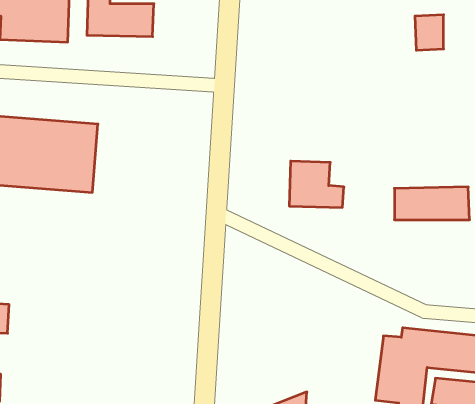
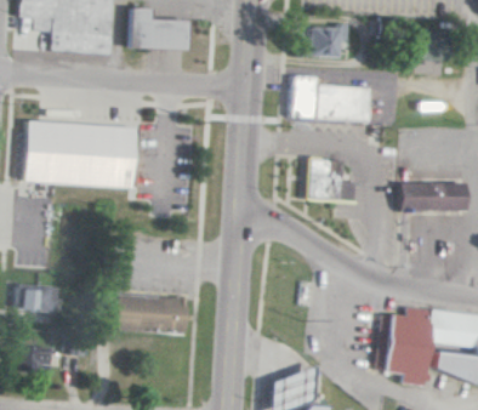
building: none -> [309,25,348,57]
building: none -> [291,75,369,120]
building: none -> [116,295,187,334]

